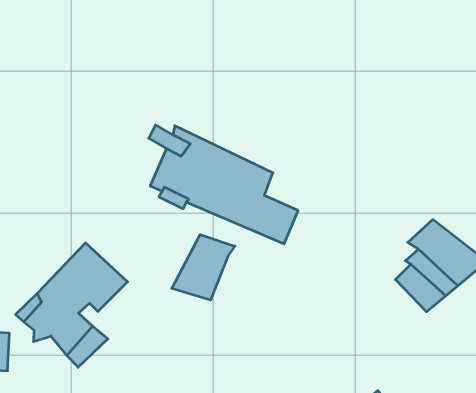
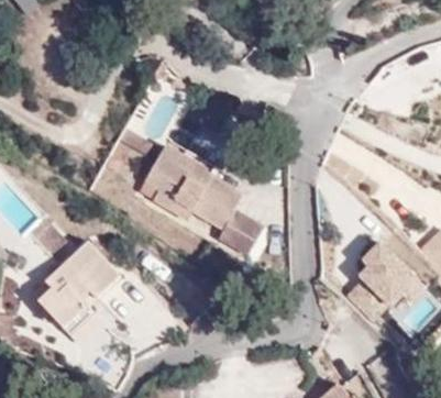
building: [172,235,235,300] -> none

